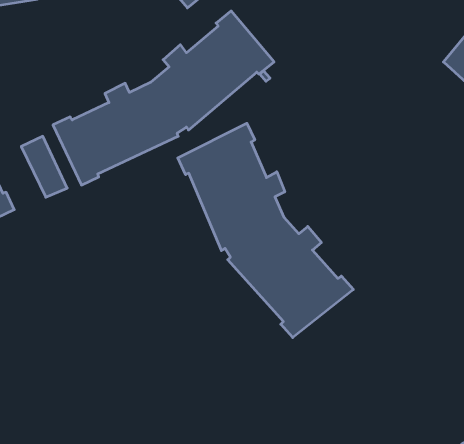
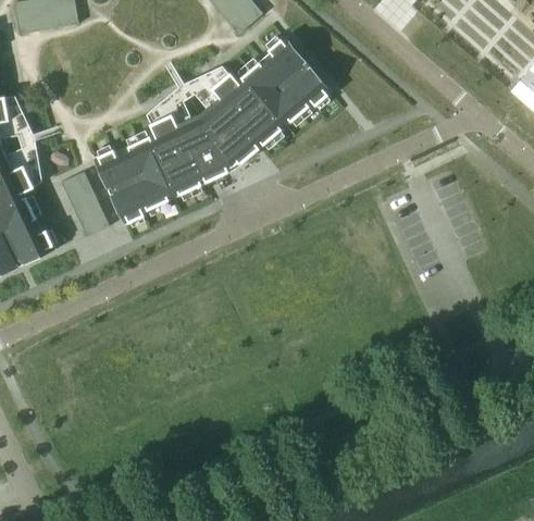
building: [178,123,353,338] -> none

